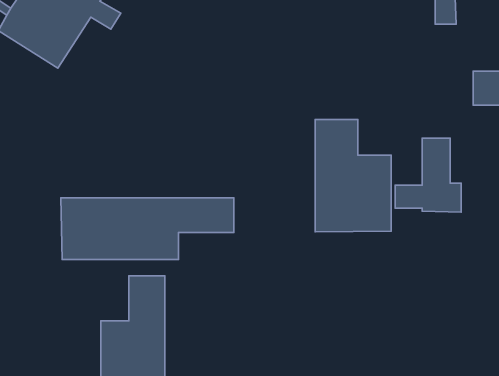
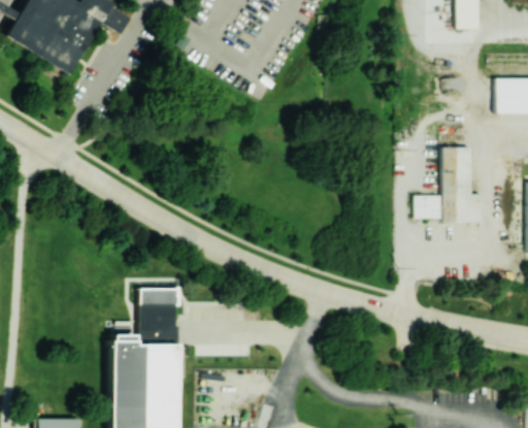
building: [315,119,391,232] -> none
building: [61,198,234,259] -> none

